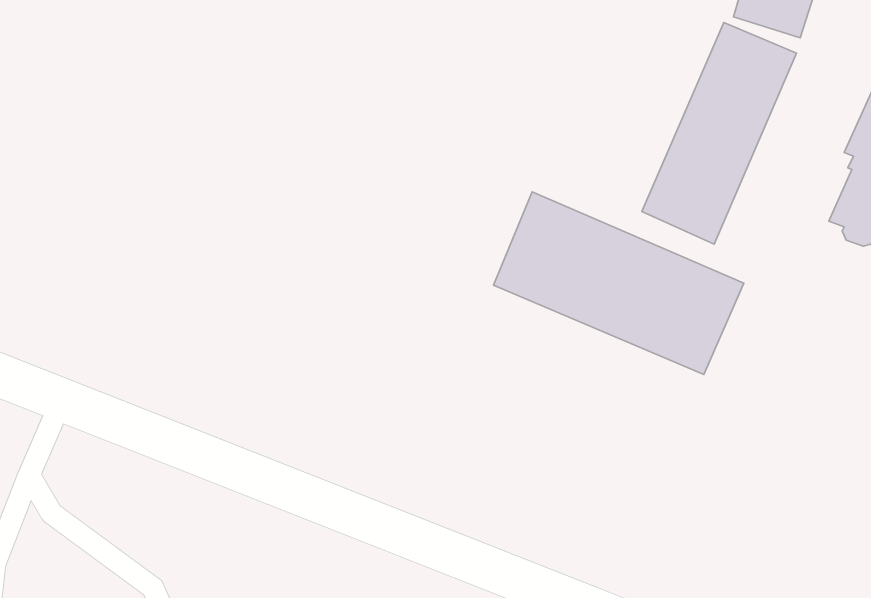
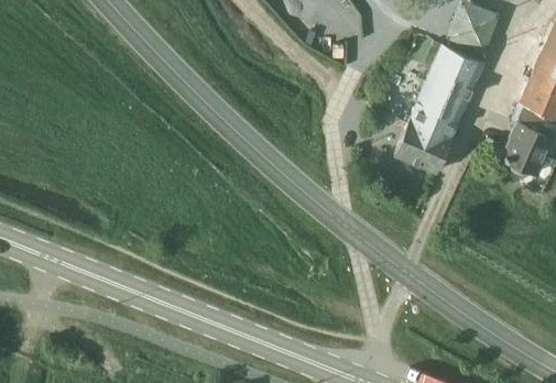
building: [493,192,744,375] -> none

